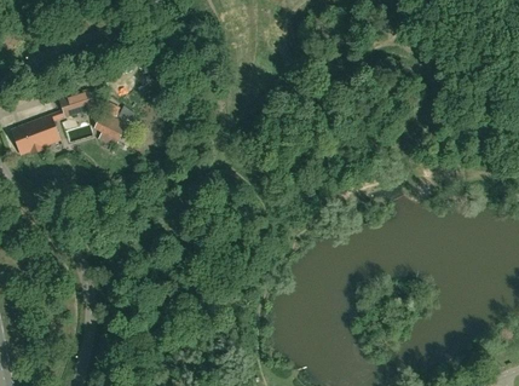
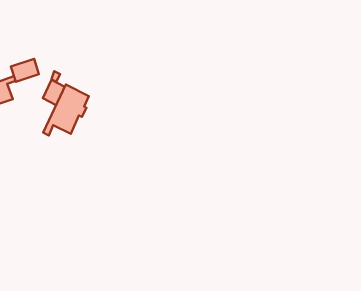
building: none -> [43,85,89,135]

